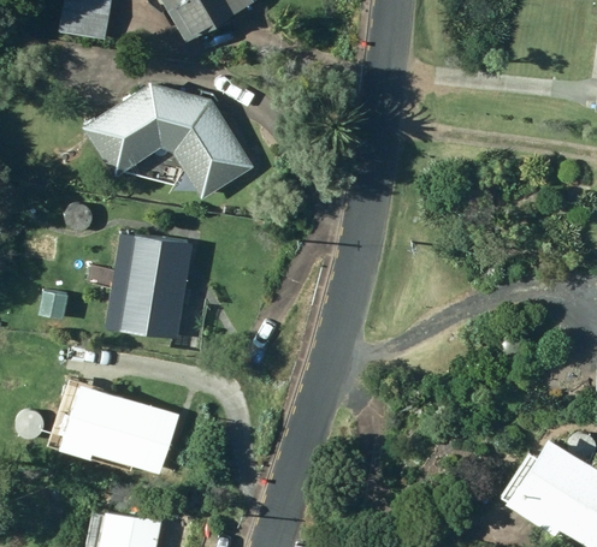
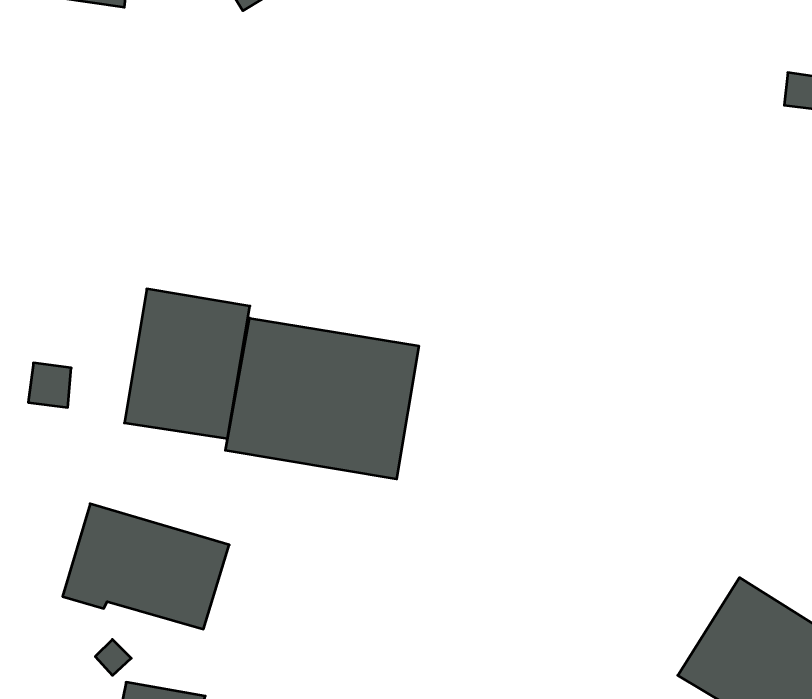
building: [83,84,255,198] -> none
building: none -> [225,318,419,479]

